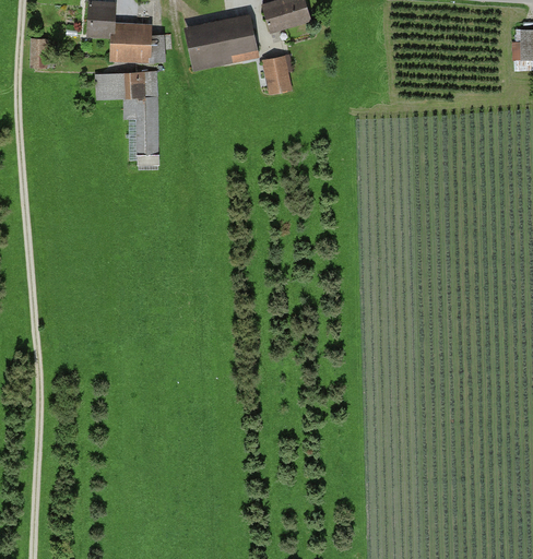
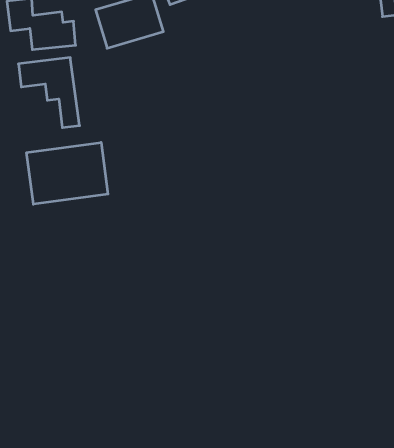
building: [263,60,289,96] -> none
building: none -> [27,142,108,204]

